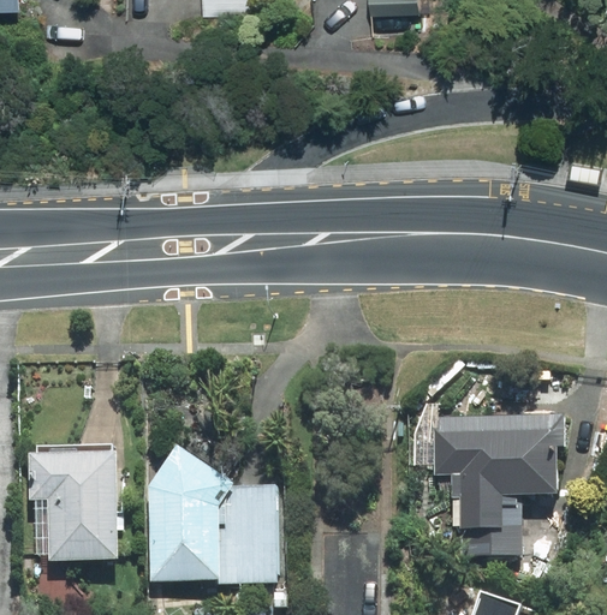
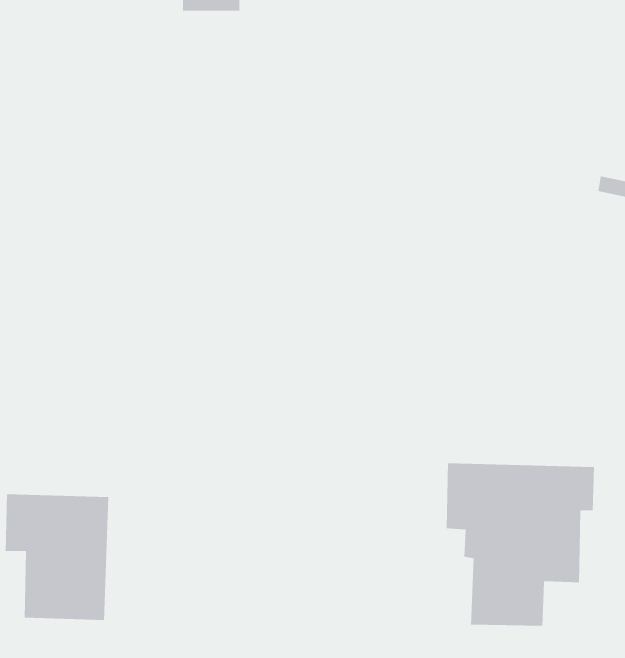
building: [148,438,282,581] -> none

